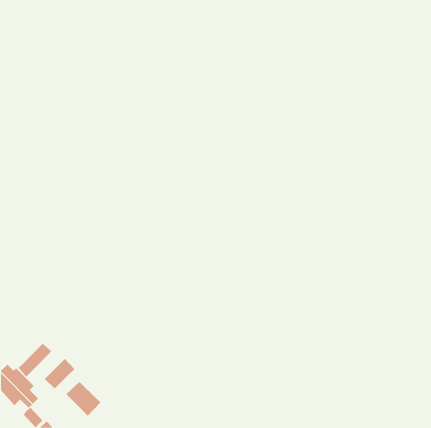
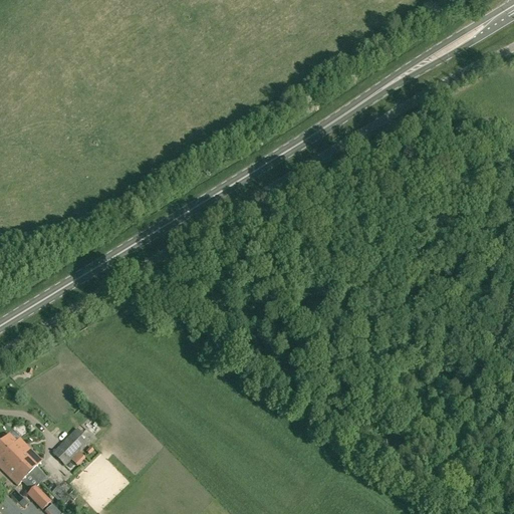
building: [18,343,52,377] -> none
building: [65,381,101,417] -> none

